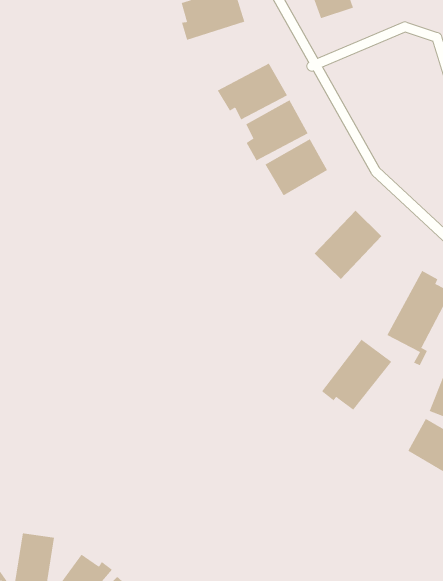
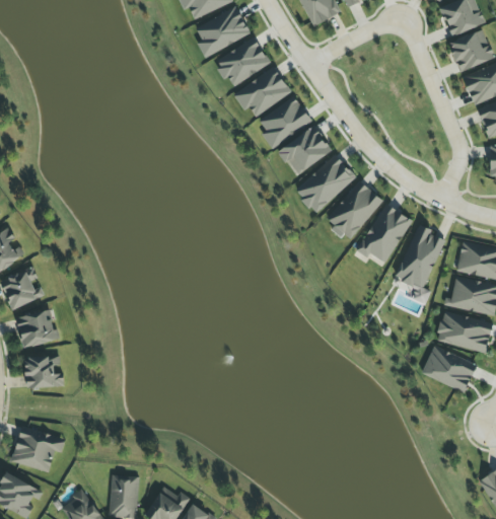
building: none -> [217,36,271,86]
building: none -> [295,154,356,214]
building: [321,339,392,411] -> [357,204,413,264]

